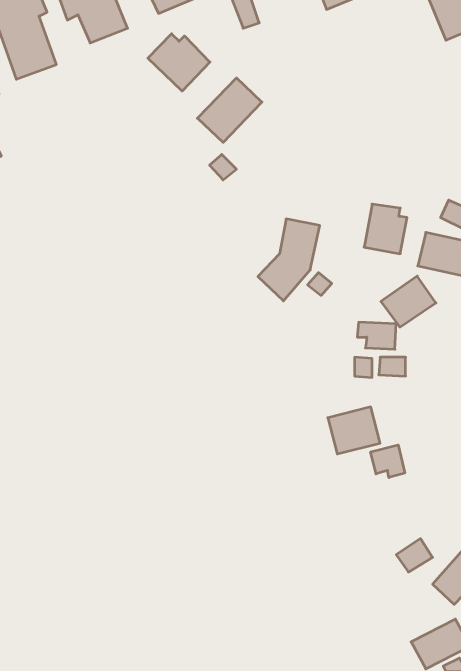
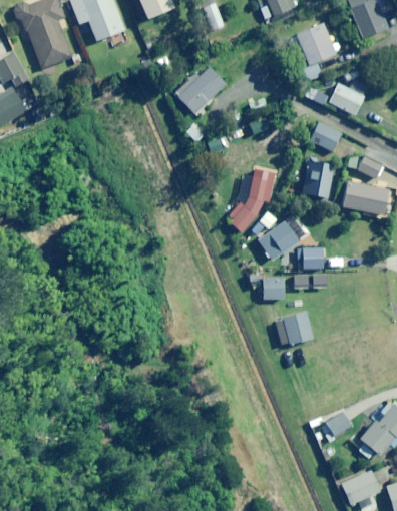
building: none -> [291,22,336,81]
building: [148,34,210,91] -> none
building: none -> [328,83,364,115]
building: none -> [313,124,340,151]
building: [381,276,436,327] -> [257,221,298,260]
building: none -> [263,278,285,299]
building: [371,445,405,478] -> none

